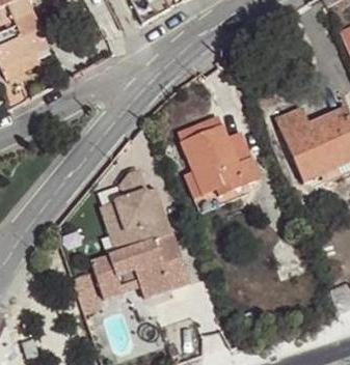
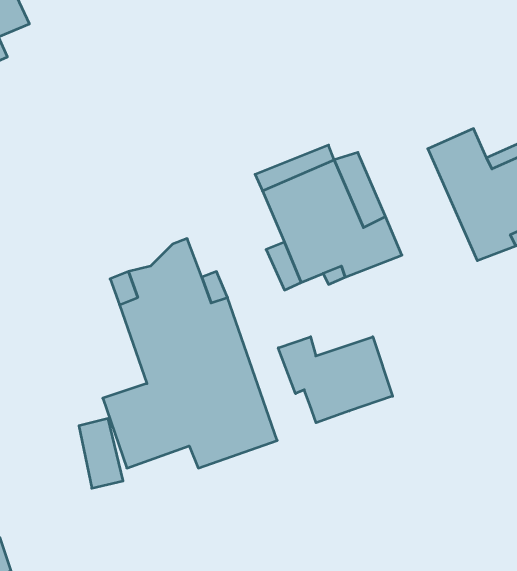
building: none -> [278,337,393,423]

